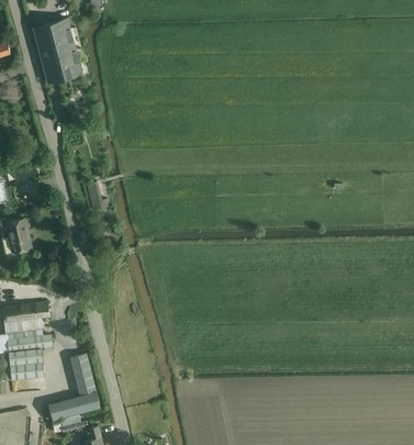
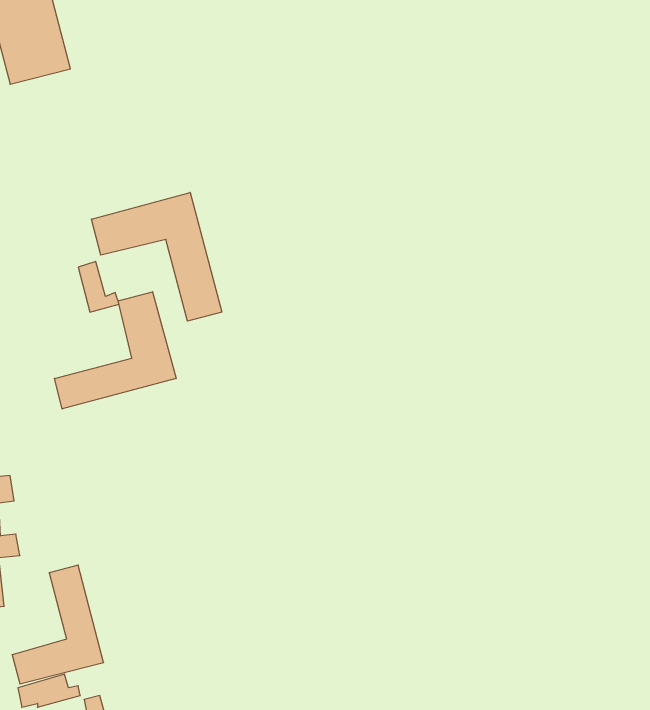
building: none -> [91,192,222,321]
building: none -> [54,292,176,409]

